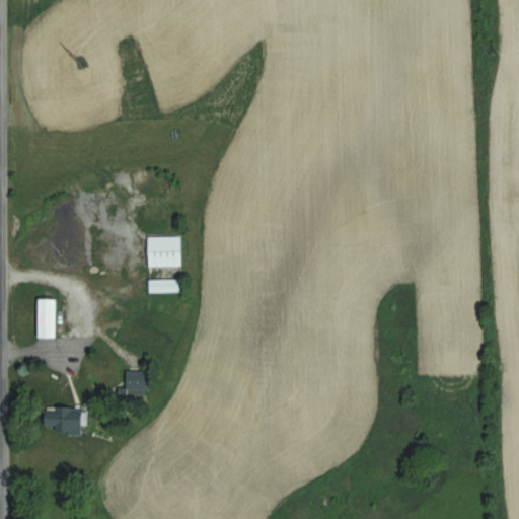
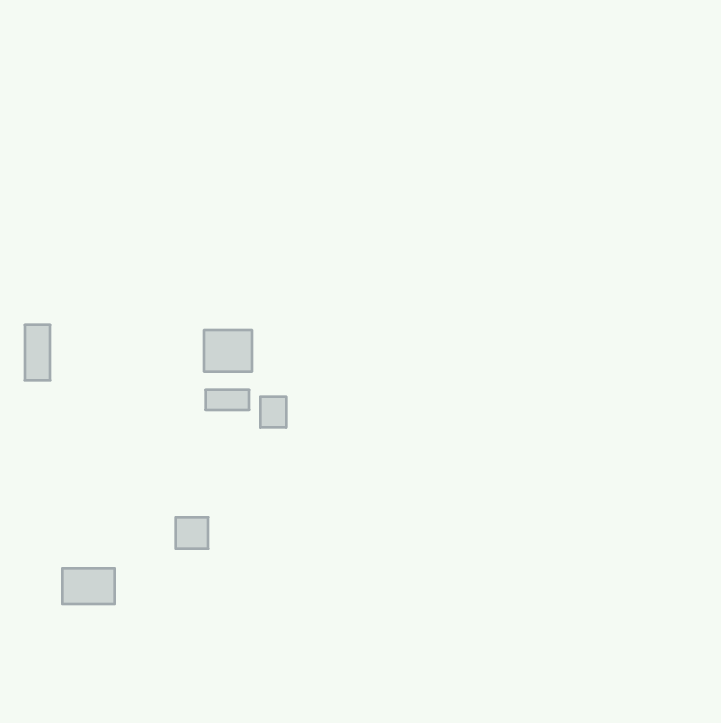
building: none -> [260,397,286,428]
building: [36,299,55,339] -> [25,325,50,380]

